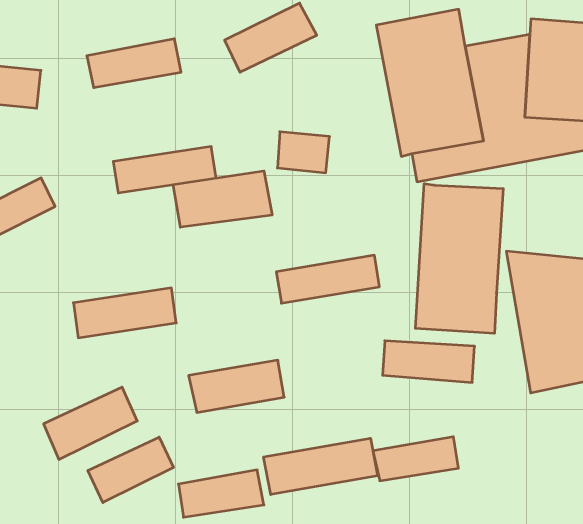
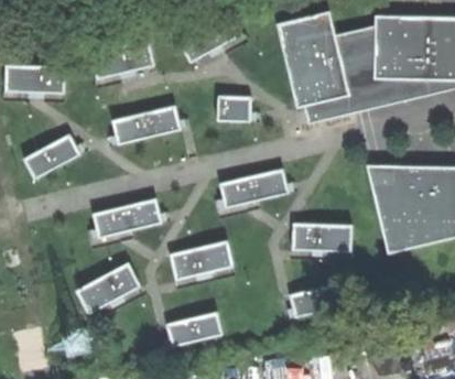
building: [173,171,272,227] -> none
building: [415,184,503,333] -> none
building: [88,437,173,503] -> none
building: [264,438,378,495] -> none

